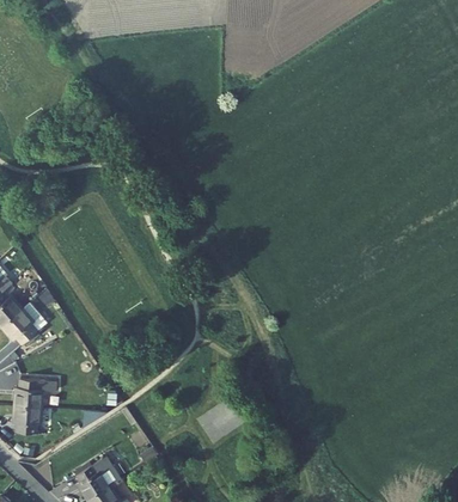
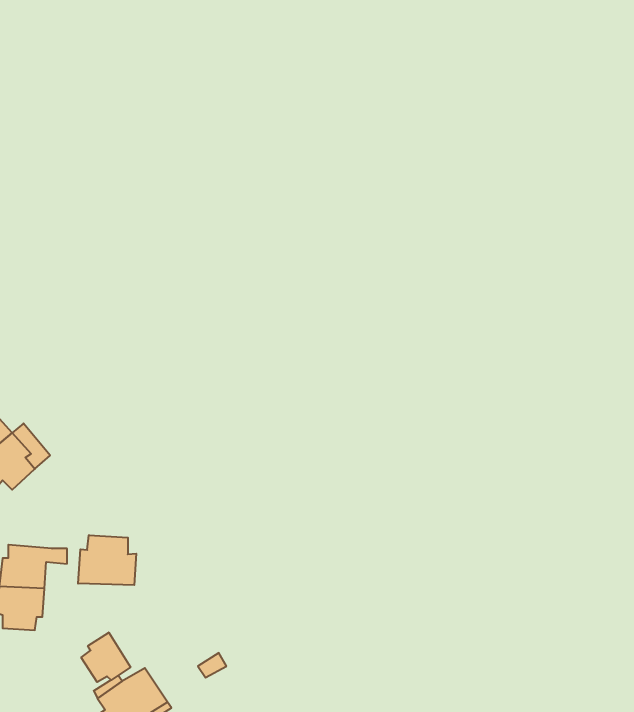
building: none -> [78,535,136,585]
building: none -> [81,632,130,682]

